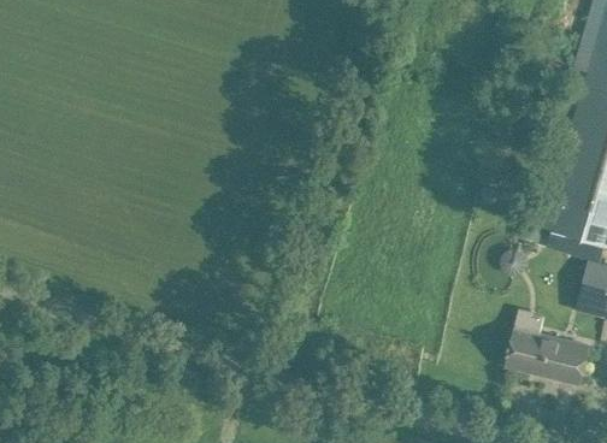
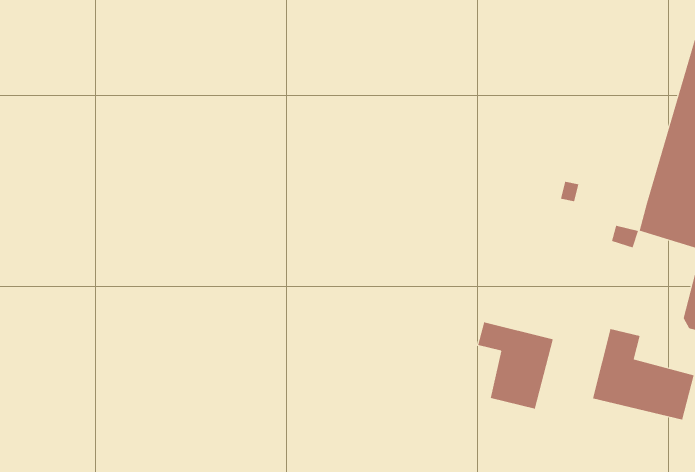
building: none -> [478,322,553,410]

